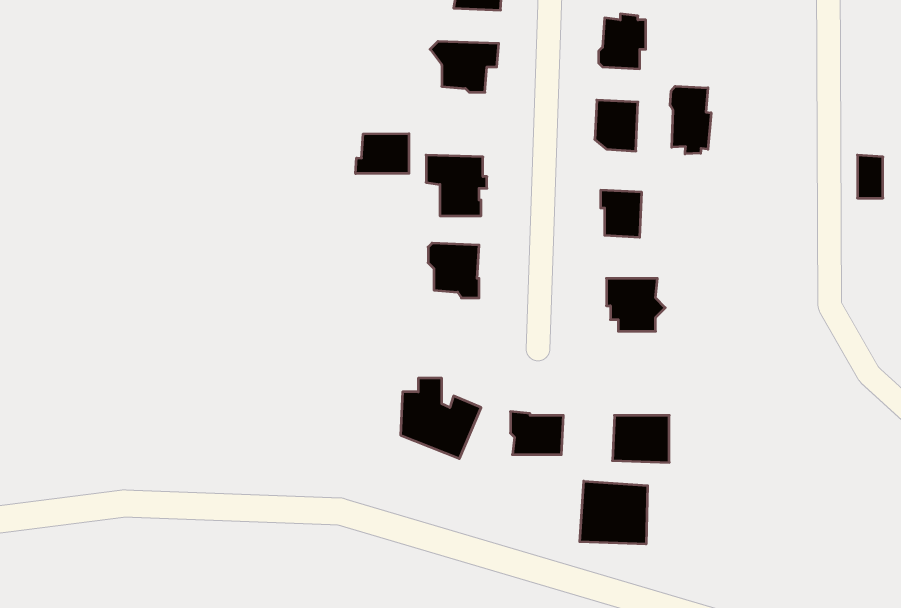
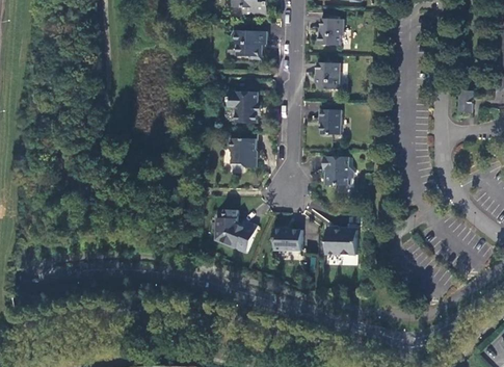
building: [670,86,711,154] -> none
building: [356,134,409,174] -> none
building: [580,481,648,544] -> none

